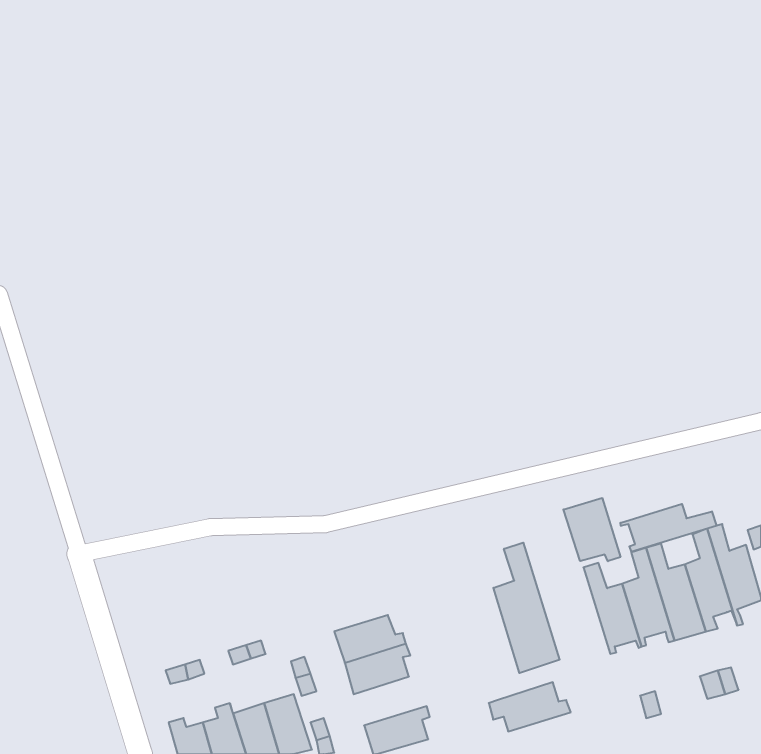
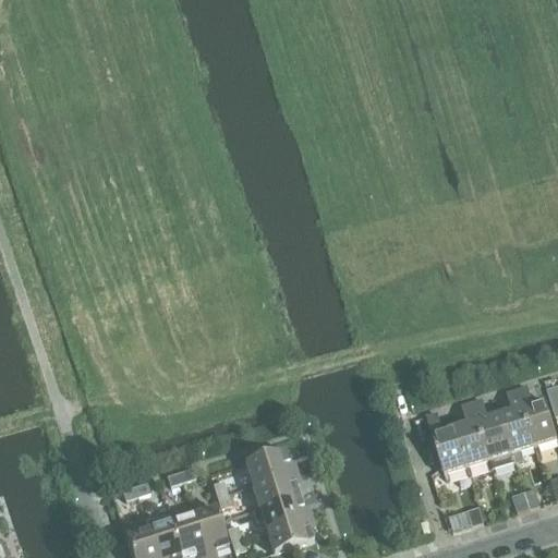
building: [563,498,620,561] -> none
building: [620,504,716,552] -> none
building: [493,543,560,673] -> none
building: [489,682,571,731] -> [252,494,312,530]

